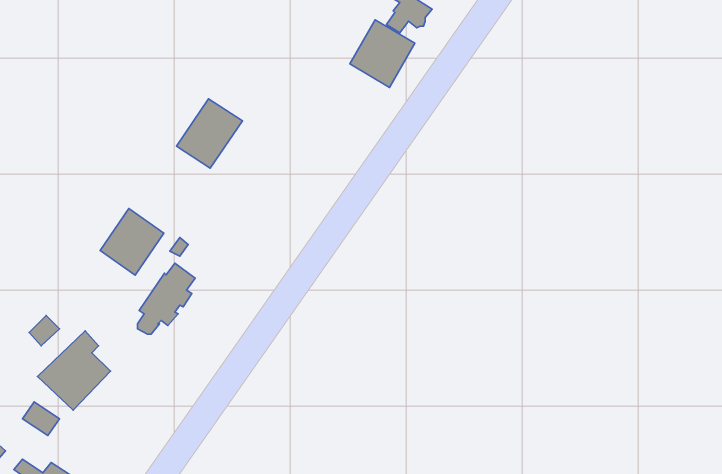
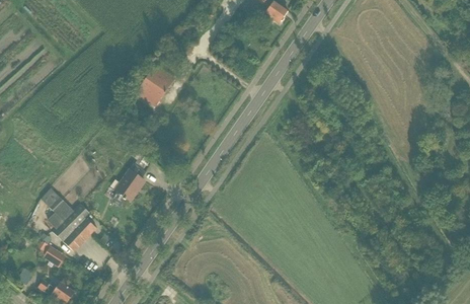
building: [350,20,415,87] -> none
building: [100,209,164,275] -> none

